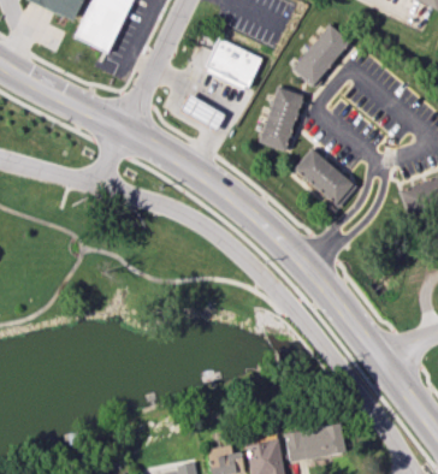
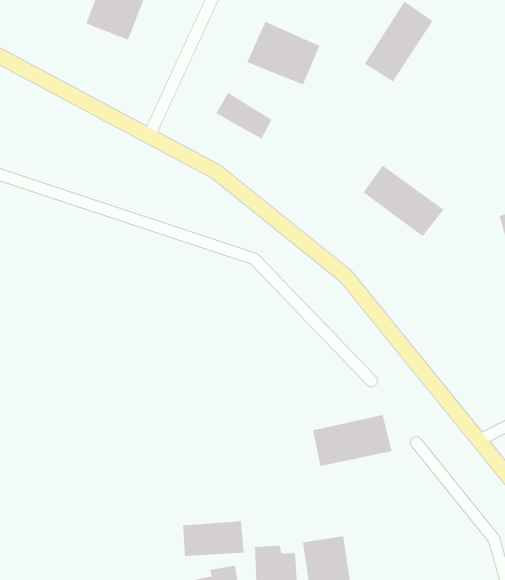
building: [261,87,301,149] -> none
building: [284,421,347,462] -> [312,414,393,467]
building: none -> [182,521,245,557]

